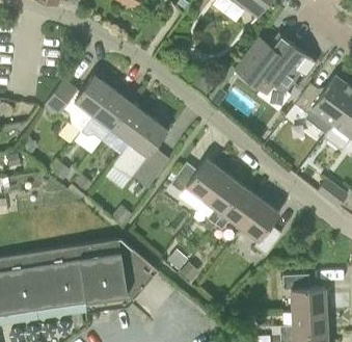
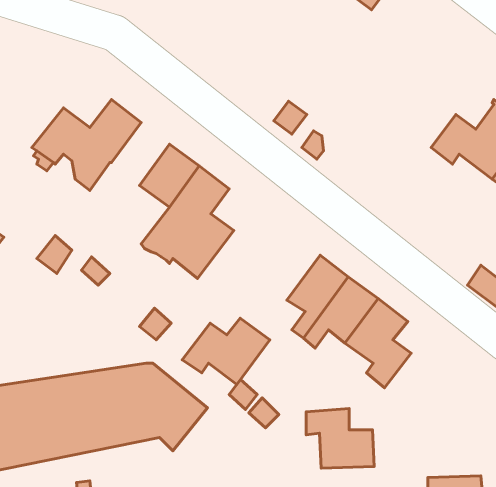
building: [234,37,316,95] -> none
building: [80,89,130,141] -> none
building: [169,159,224,201] -> [182,318,270,385]
building: [282,274,325,312] -> [306,408,374,468]

